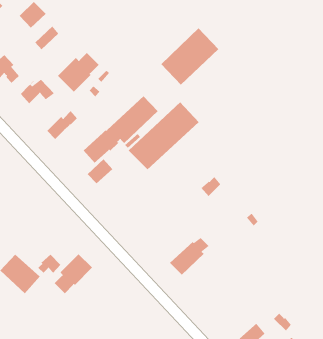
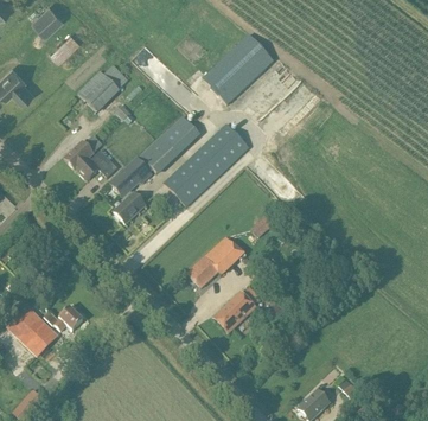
building: [19,79,55,104] -> [75,151,117,181]
building: none -> [186,237,245,288]
building: [54,253,93,294] -> none

